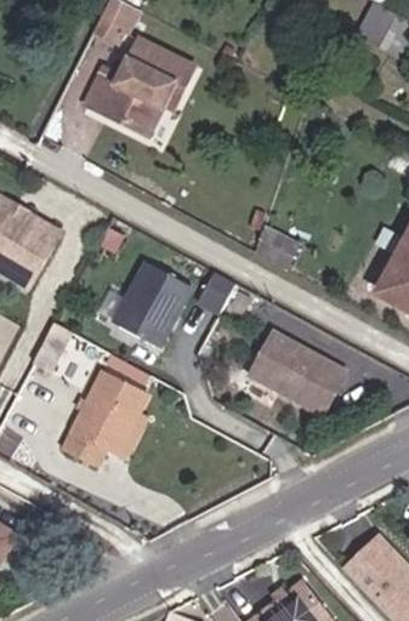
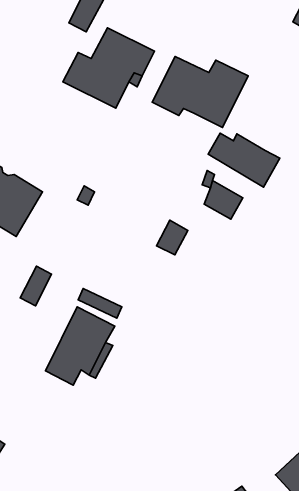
building: none -> [152,57,248,127]
building: none -> [208,133,280,187]
building: [113,261,191,344] -> none
building: [249,329,347,412] -> none

